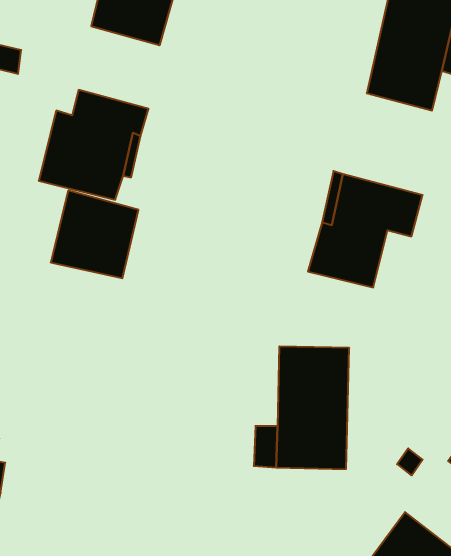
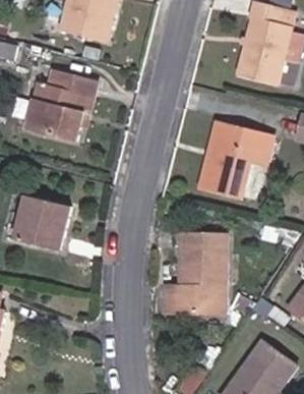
building: [51,191,138,278] -> [14,194,70,250]

